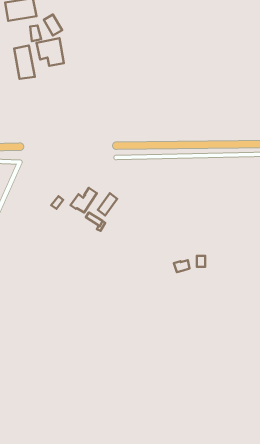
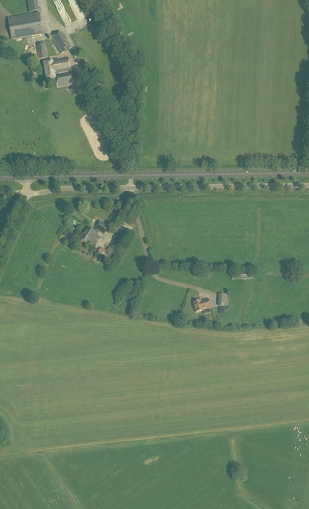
building: [14,45,35,79] -> none

